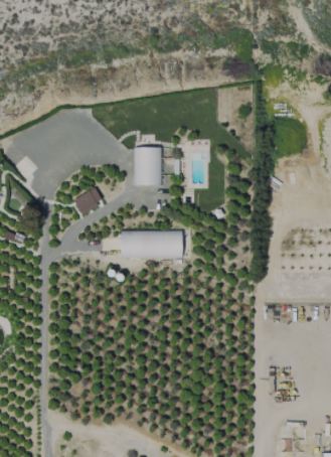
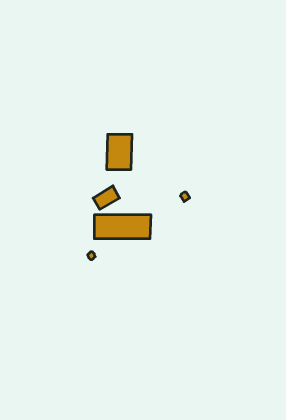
building: [72,186,101,211] -> [93,186,120,209]

